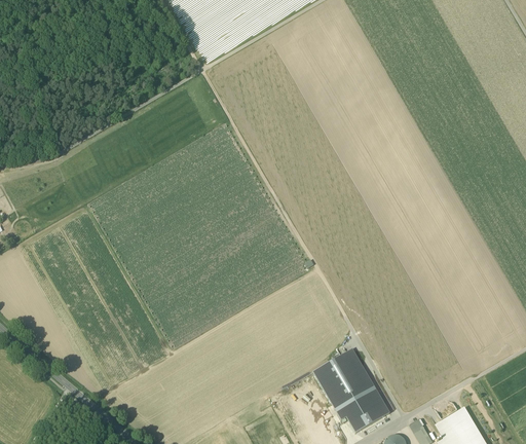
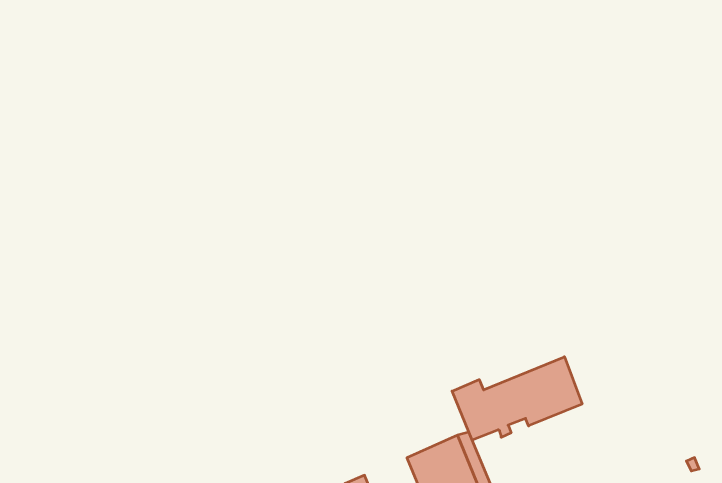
building: none -> [452,357,582,440]

